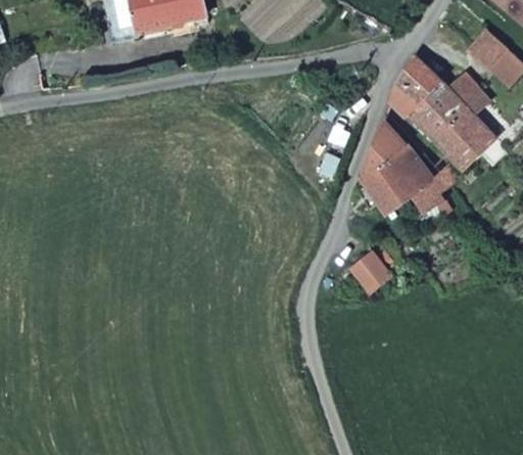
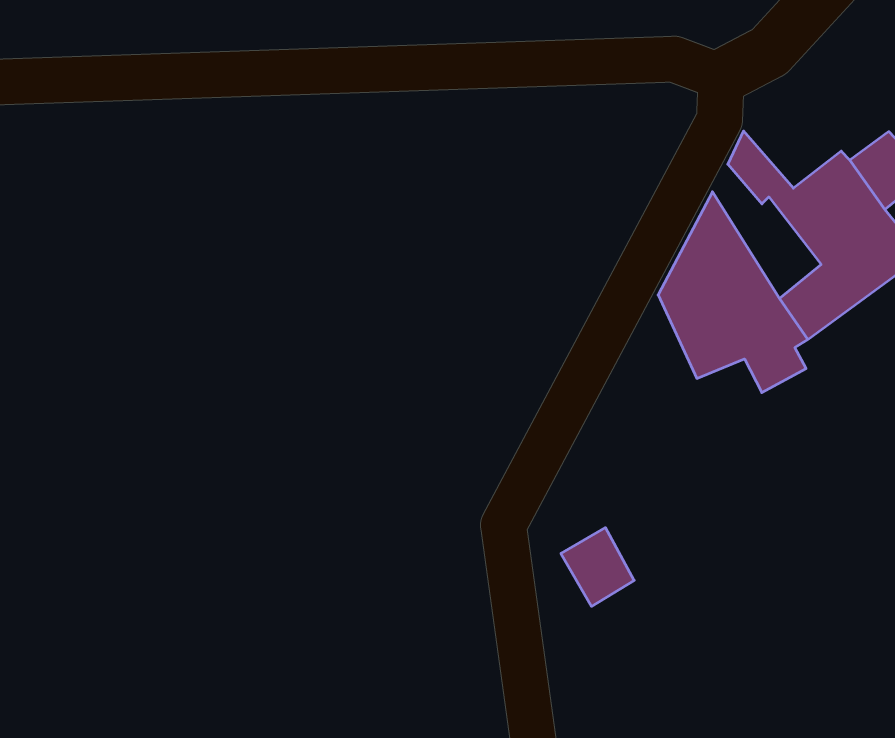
building: [395,56,447,109] -> none
building: [349,253,389,294] -> [561,528,634,606]

